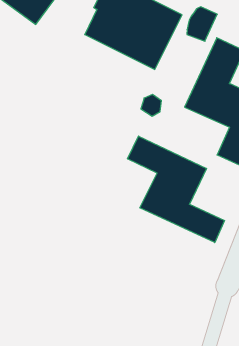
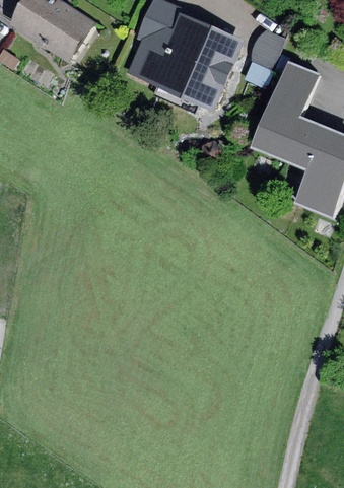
building: [128,136,225,243] -> none

